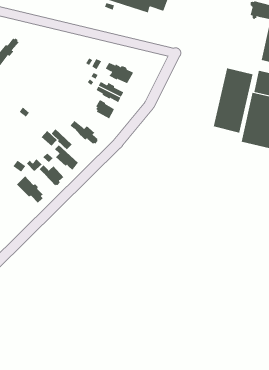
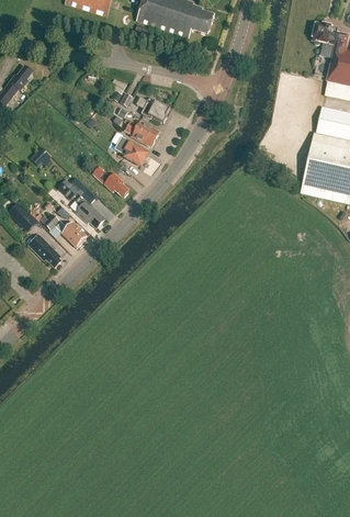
building: [213,67,253,133] -> none

